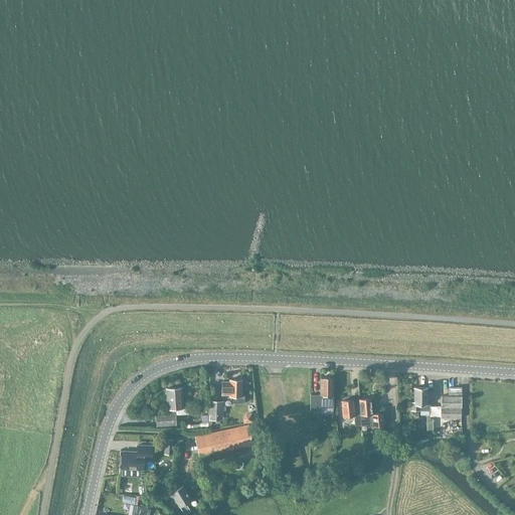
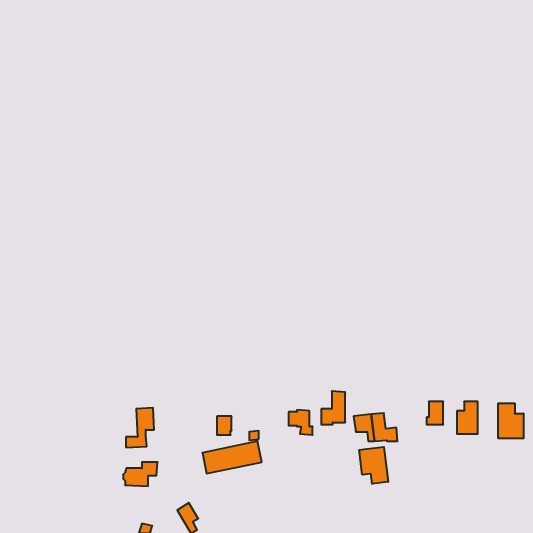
building: [221,379,244,403] -> [289,410,313,435]
building: [156,387,183,425] -> [126,408,154,447]
building: none -> [498,403,524,438]
building: none -> [359,447,388,484]

